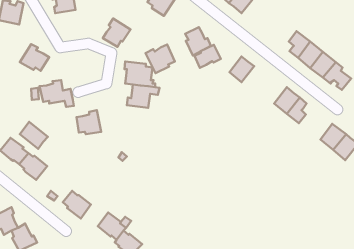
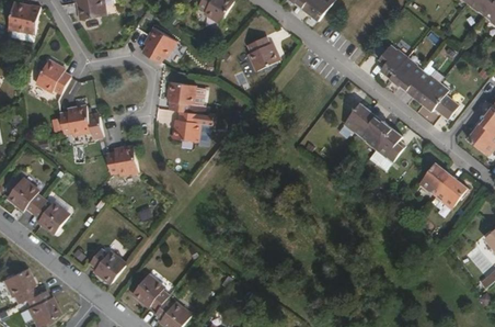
building: [145,45,175,73] -> none
building: [194,45,221,68] -> none
building: [229,57,254,82] -> [345,102,377,135]
building: [20,122,48,149] -> none

